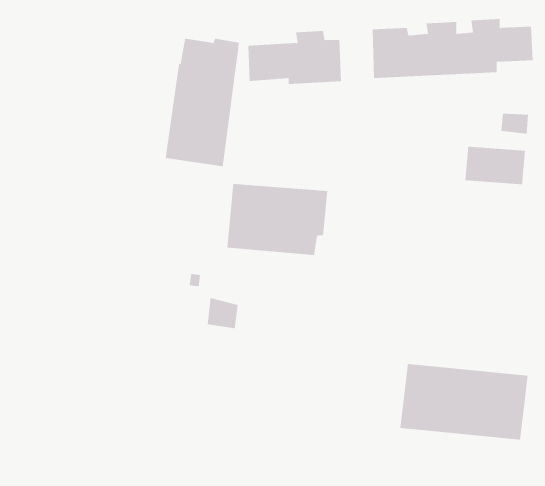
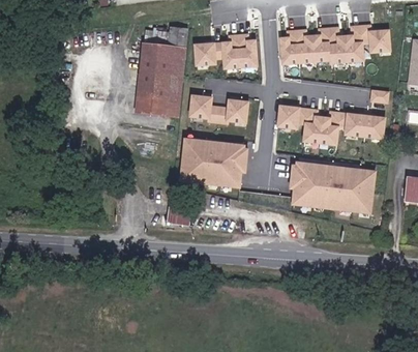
building: none -> [187,91,249,122]
building: none -> [275,101,340,144]
building: [400,364,528,440] -> [287,158,376,211]

